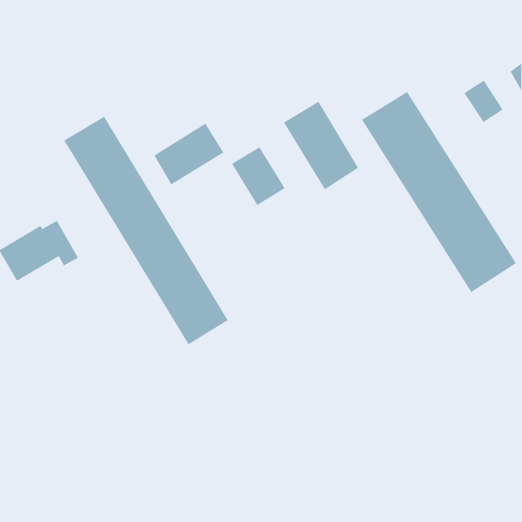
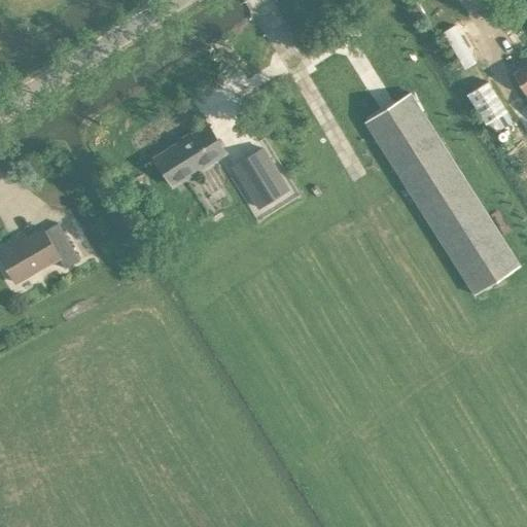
building: [283,101,359,190] -> none
building: [64,116,228,345] -> none

